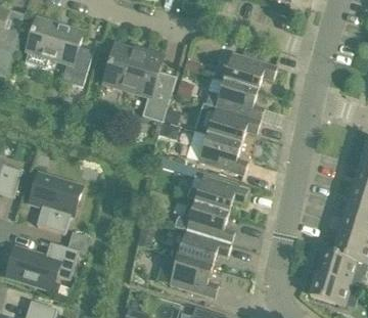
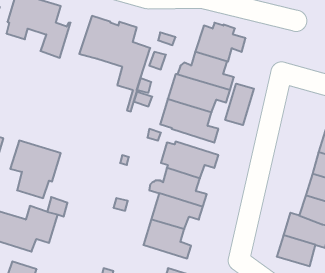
building: none -> [225,84,254,125]

